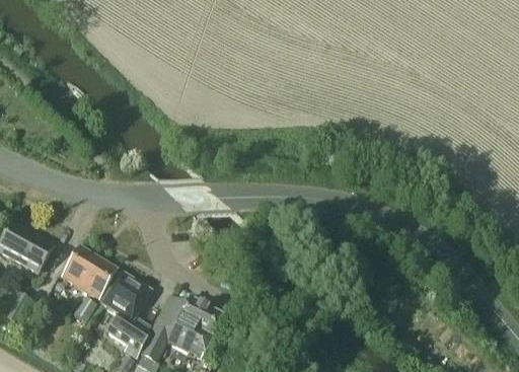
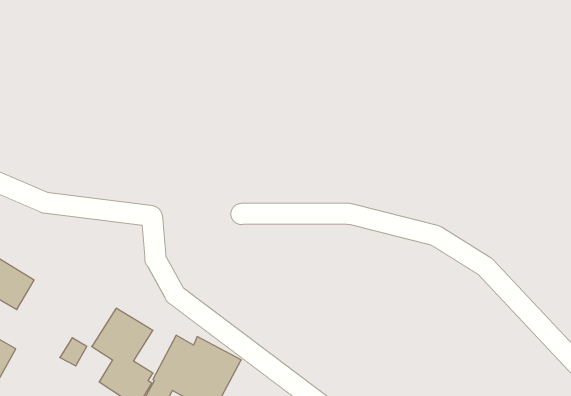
building: [61,245,116,298] -> none

